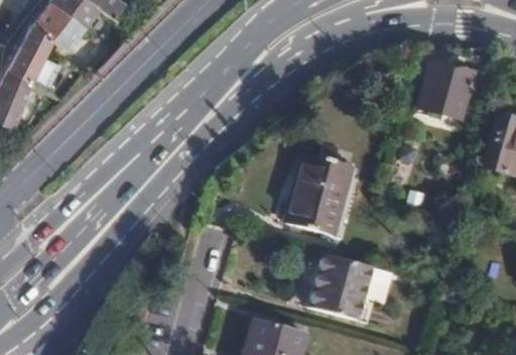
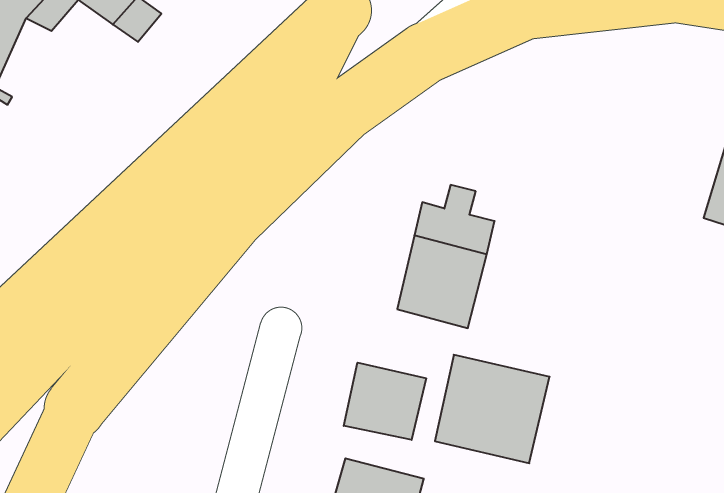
building: [420,60,476,119] -> none
building: none -> [344,363,426,440]

